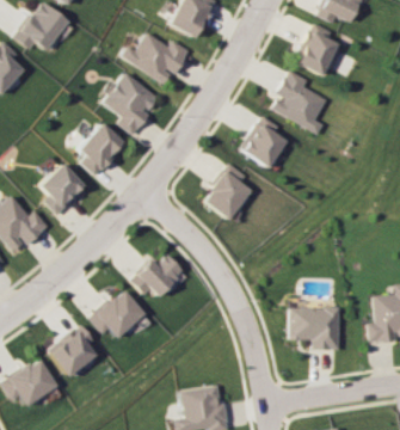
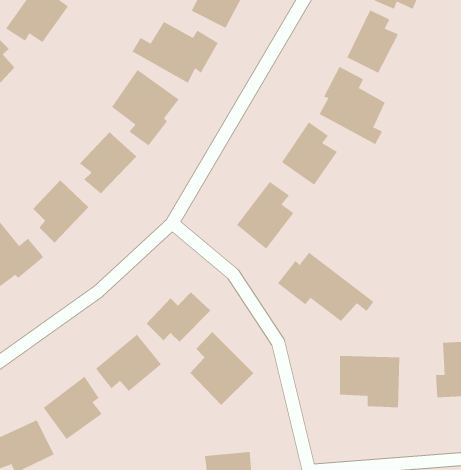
building: none -> [277,252,374,322]
building: none -> [189,331,254,406]

